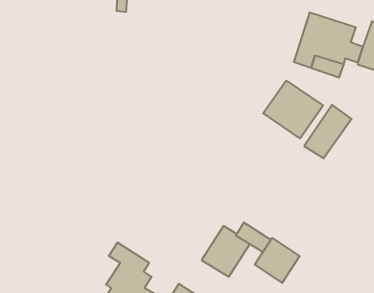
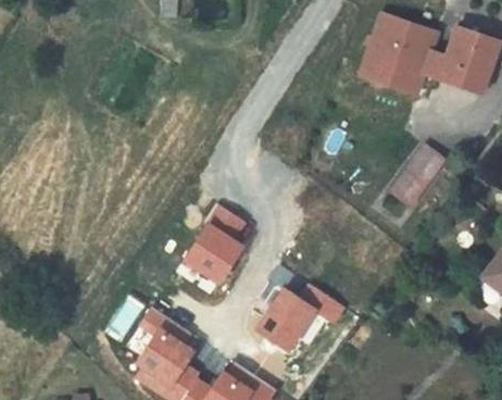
building: [263,81,323,138] -> none
building: none -> [185,203,246,282]
building: [255,238,299,283] -> none

